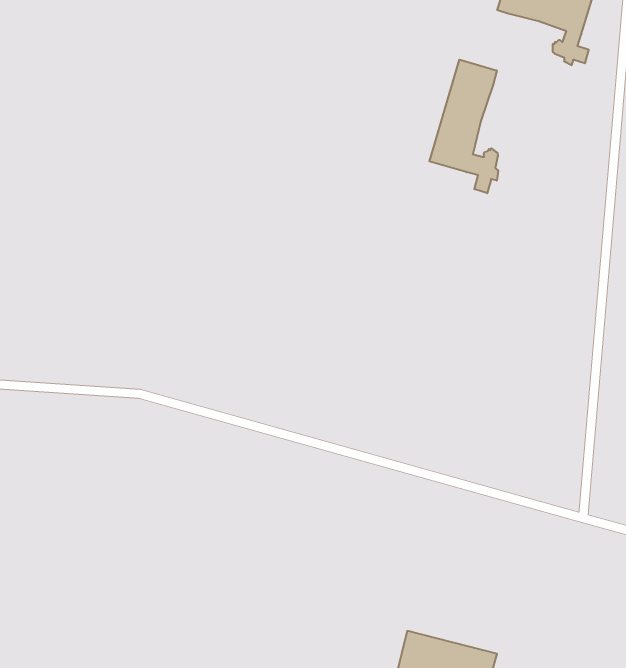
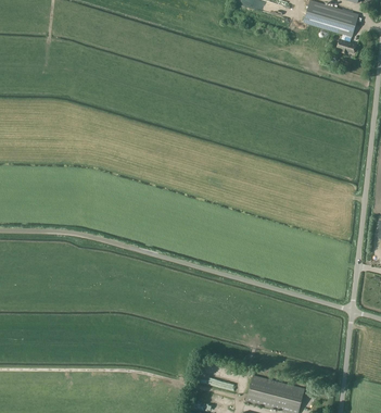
building: [429,60,498,193] -> none

